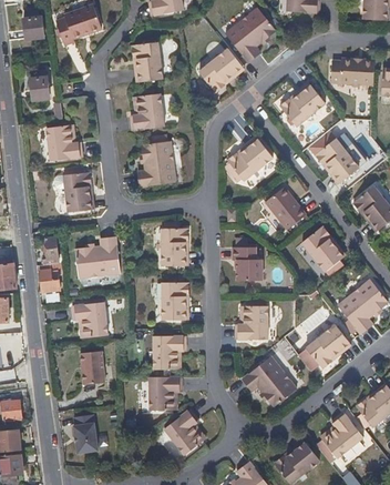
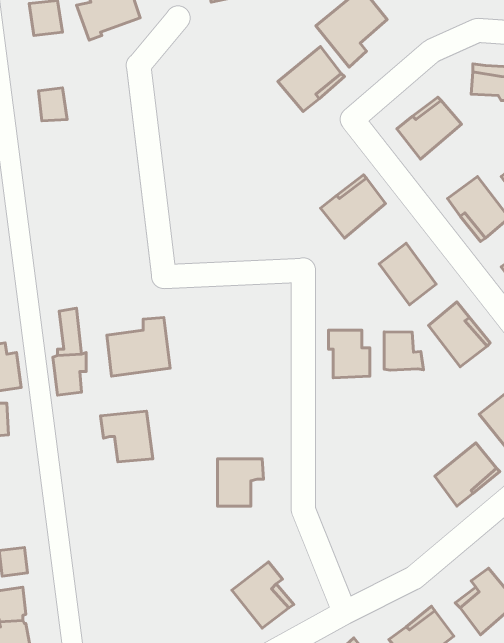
building: [129,42,160,82] -> none
building: [130,94,164,131] -> none
building: [45,125,82,162] -> none
building: [136,142,175,188] -> none
building: [63,174,91,214] -> none
building: [162,229,188,266] -> none
building: none -> [384,332,423,370]
building: [162,282,188,320] -> none
building: [235,306,267,339] -> none
building: [80,352,105,386] -> none
building: [240,357,296,407] -> none
building: [151,377,183,410] -> none
building: [74,416,99,454] -> none

